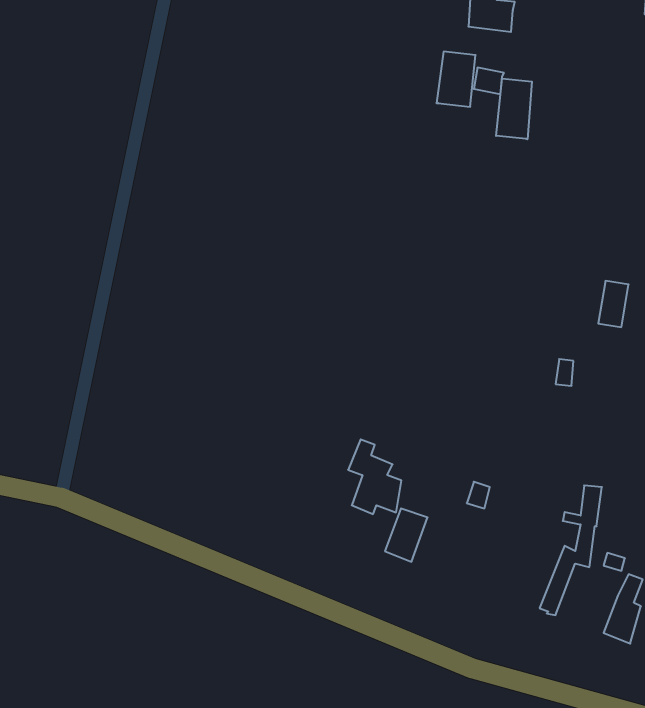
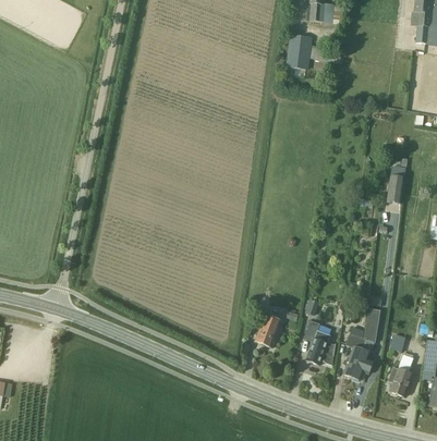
building: [496,79,532,139] -> none
building: [348,439,401,514] -> [304,319,337,365]
building: none -> [343,326,366,378]

